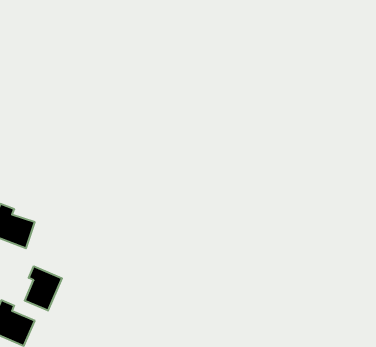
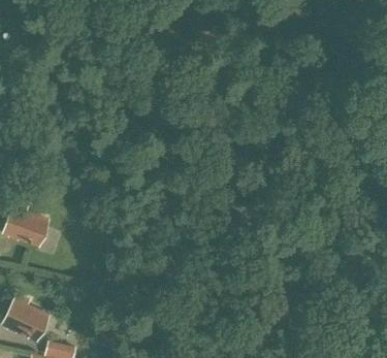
building: [25,266,62,311] -> none

